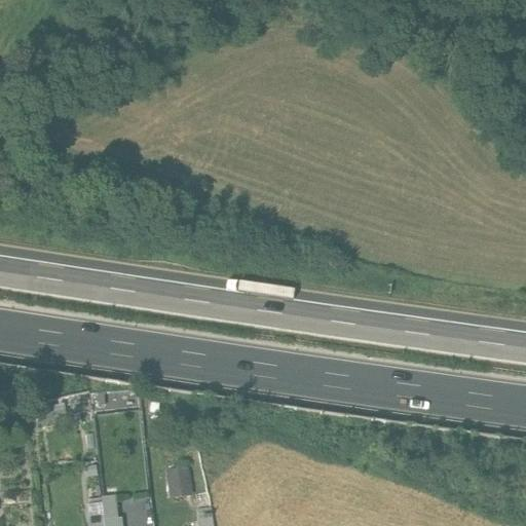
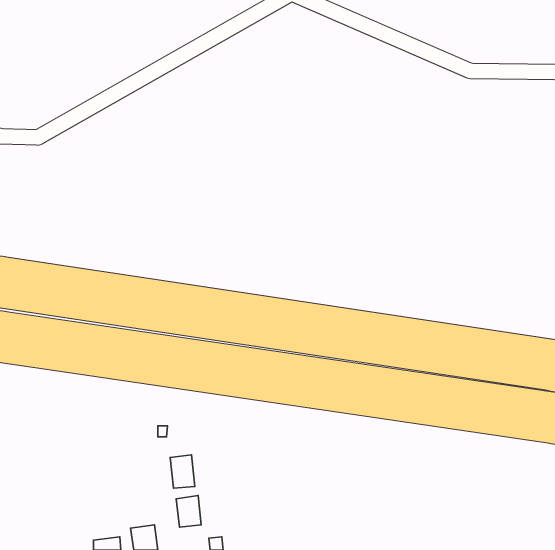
building: none -> [170,455,195,488]

